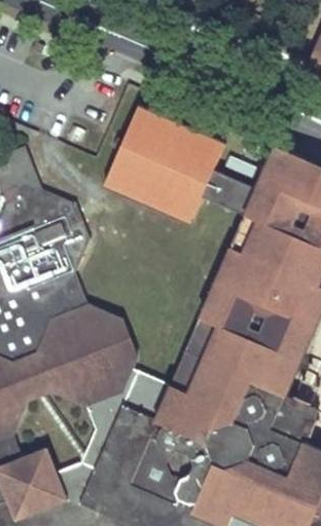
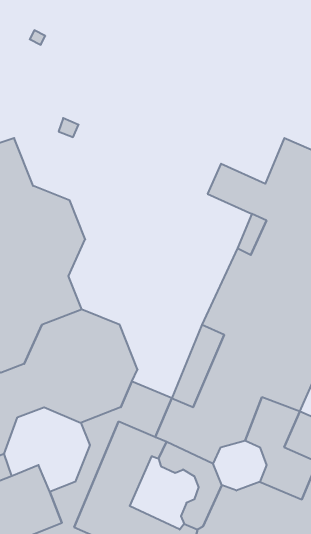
building: [101,105,225,224] -> none
building: [207,424,256,471] -> none
building: [130,439,182,506] -> none

